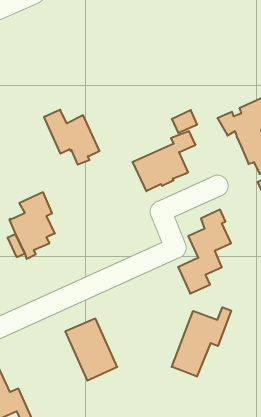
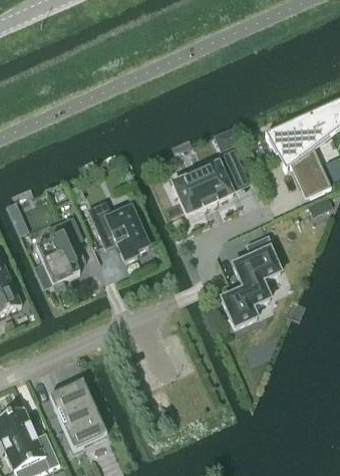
building: [44,110,100,165] -> [87,200,148,260]
building: [172,307,231,377] -> none
building: [65,319,117,381] -> [49,380,106,448]

